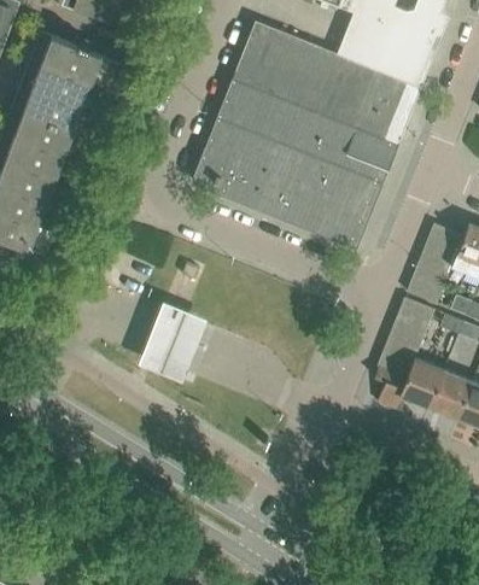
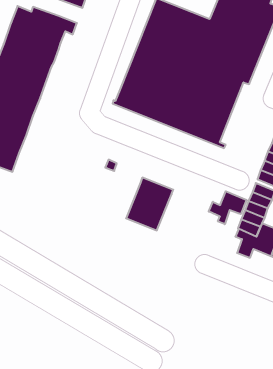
building: [132,308,201,386] -> [126,178,173,230]
building: none -> [209,191,247,224]

